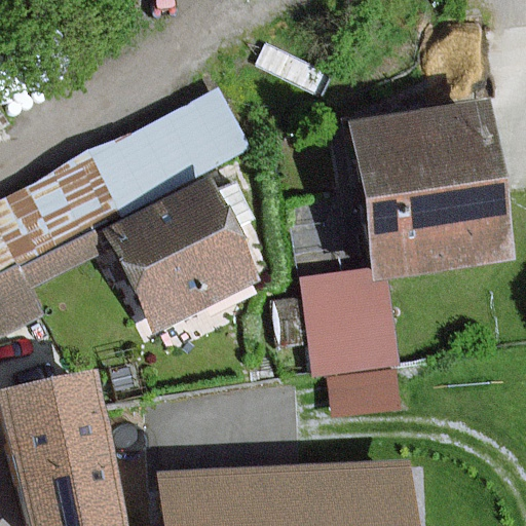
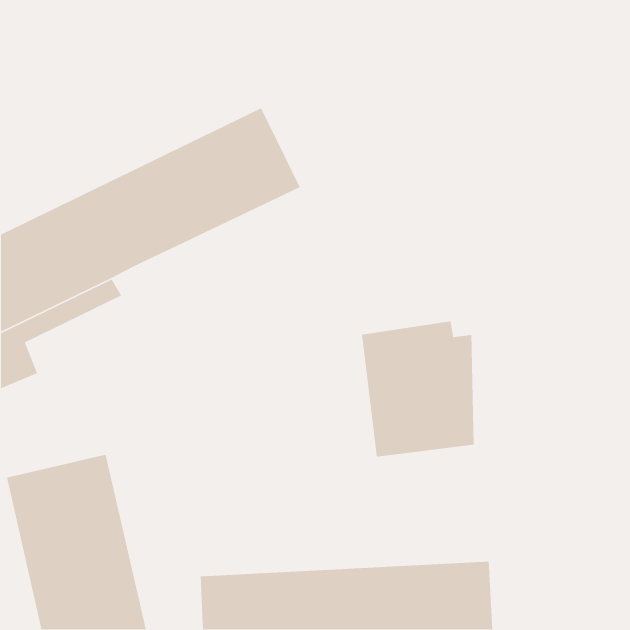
building: [353,103,510,280] -> none
building: [111,177,257,324] -> none

